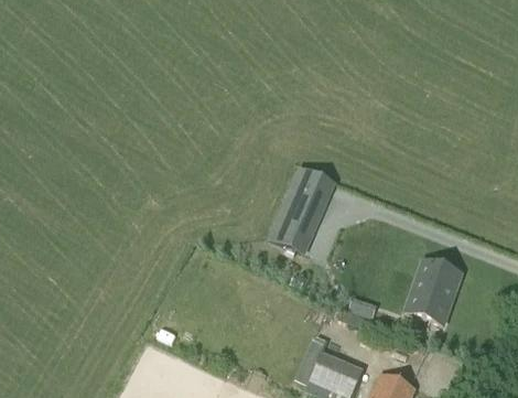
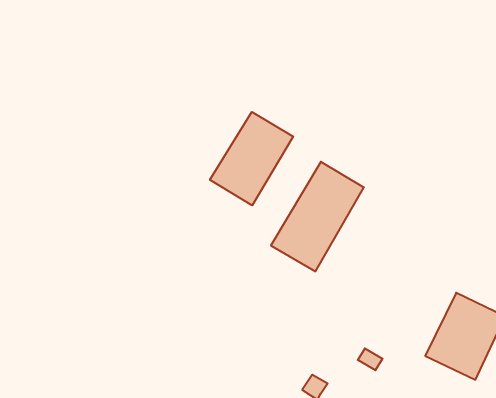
building: none -> [210,112,293,205]

